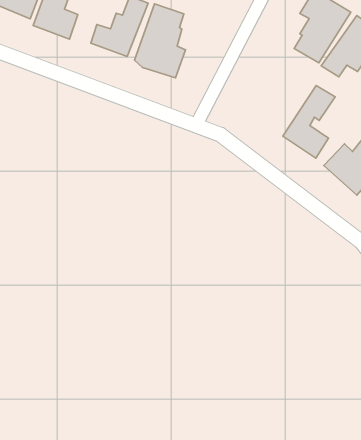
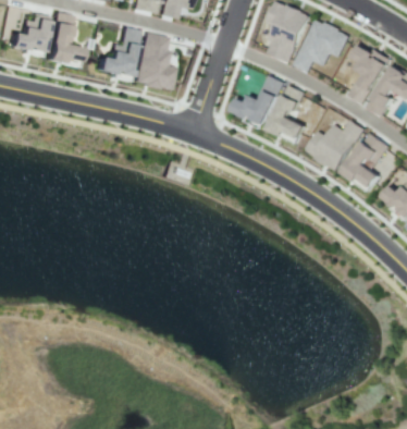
building: none -> [234,75,289,128]

